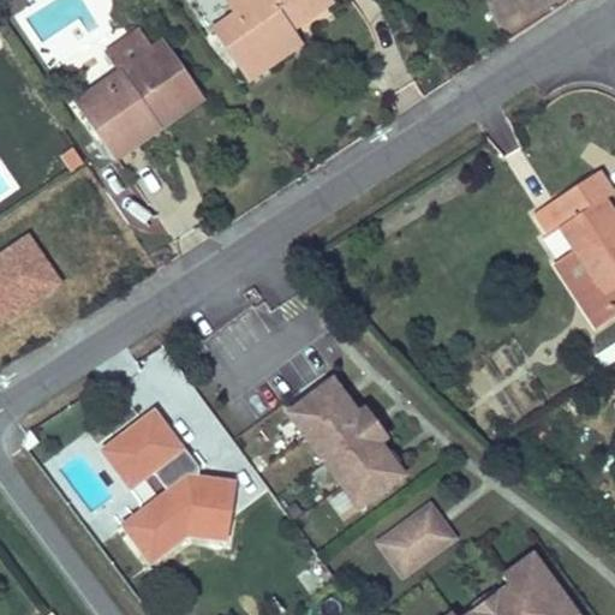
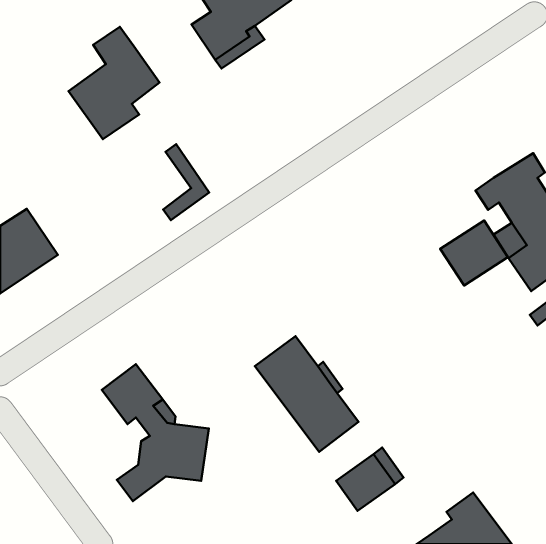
building: [149,43,201,129] -> [163,144,209,220]
building: none -> [440,220,508,286]
building: [101,437,160,538] -> none

